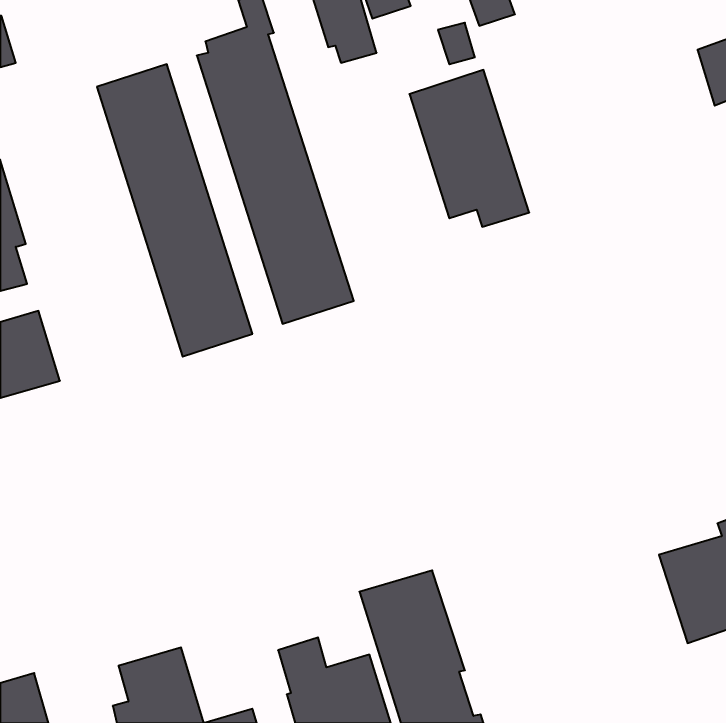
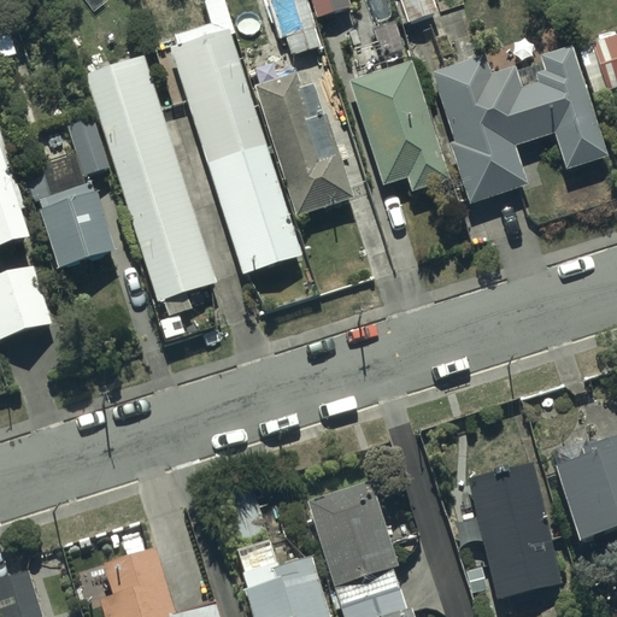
building: none -> [431,46,606,202]
building: none -> [254,74,352,216]
building: none -> [22,151,114,270]
building: none -> [468,464,562,599]

